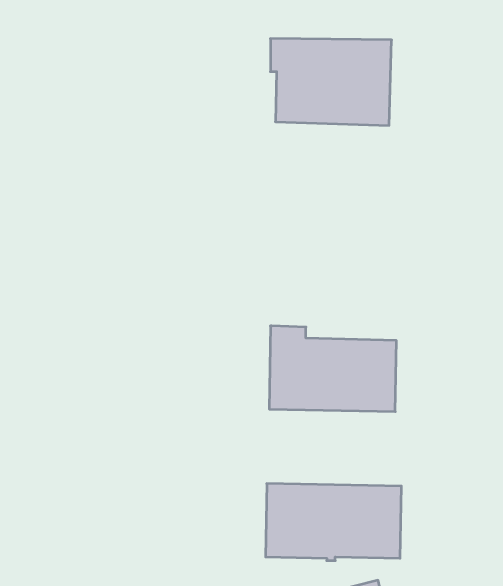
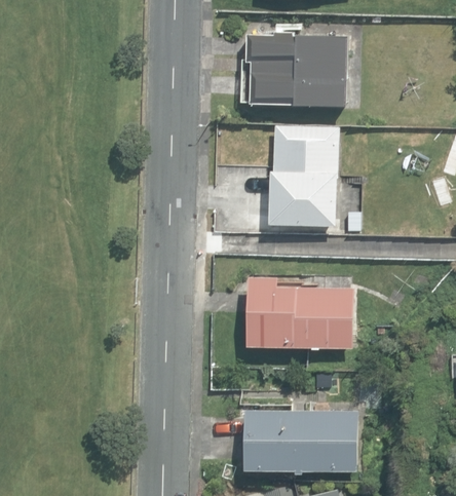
building: none -> [268,126,337,225]

